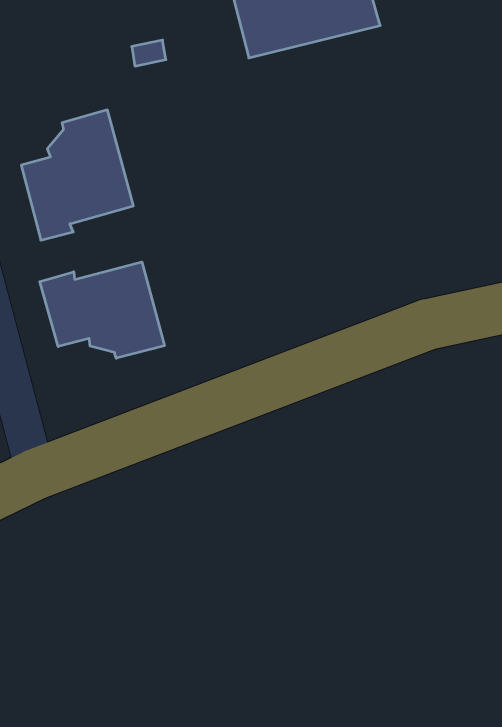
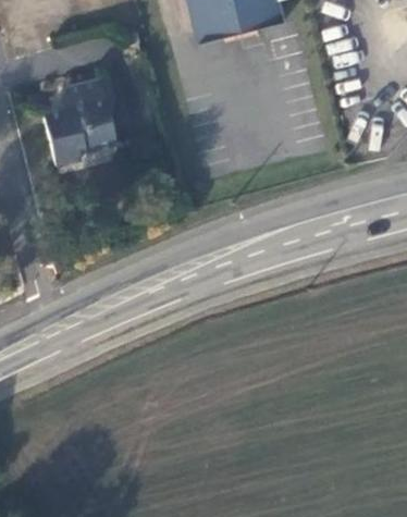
building: [40,262,164,358] -> none

